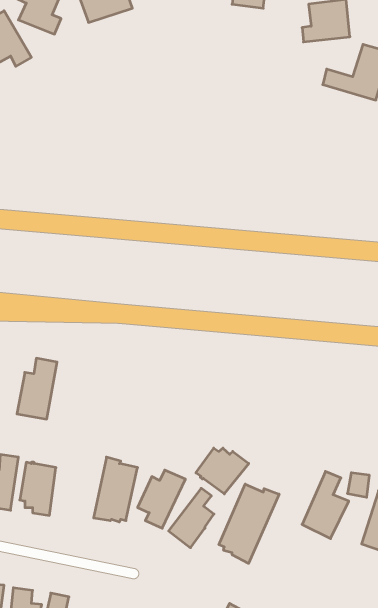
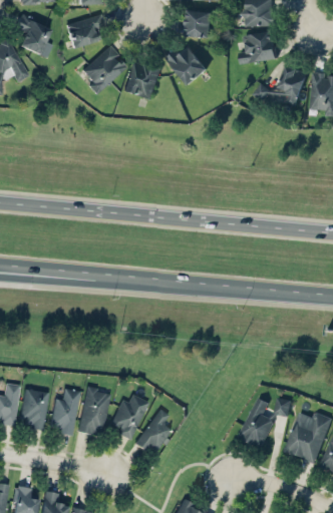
building: none -> [83,45,127,94]
building: none -> [166,46,209,85]
building: none -> [125,60,161,100]
building: [17,358,57,419] -> [50,388,81,435]
building: [196,448,249,494] -> none
building: [219,484,279,563] -> none

